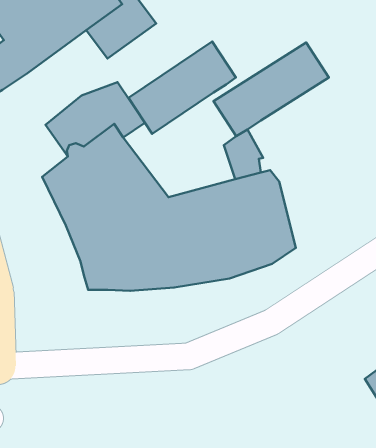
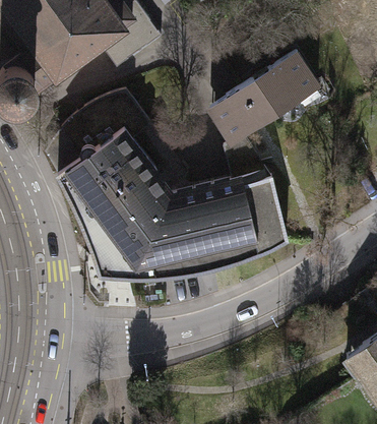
building: [128,42,236,134] -> none

